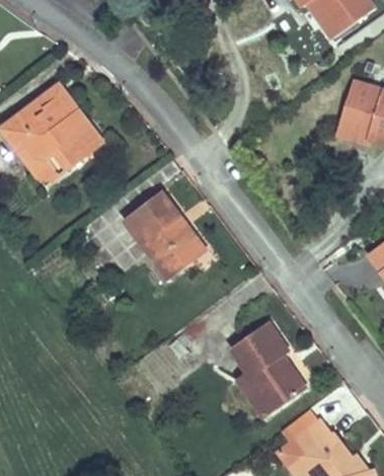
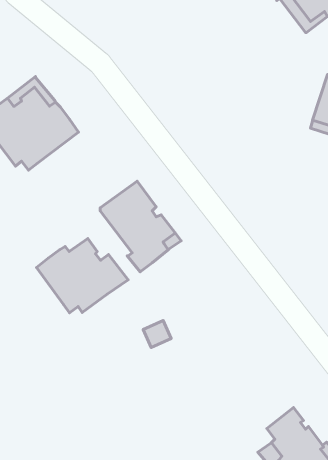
building: none -> [36,238,128,313]
building: [230,320,305,416] -> none

